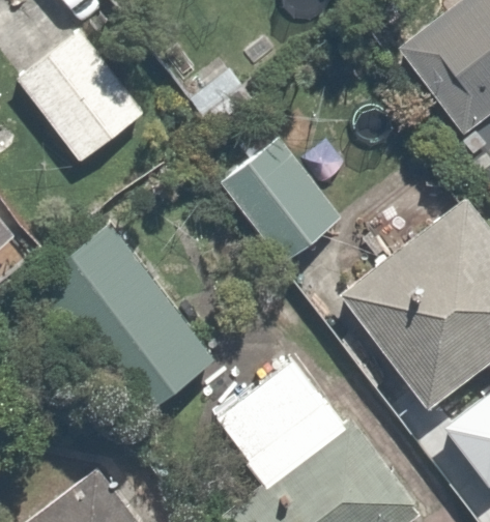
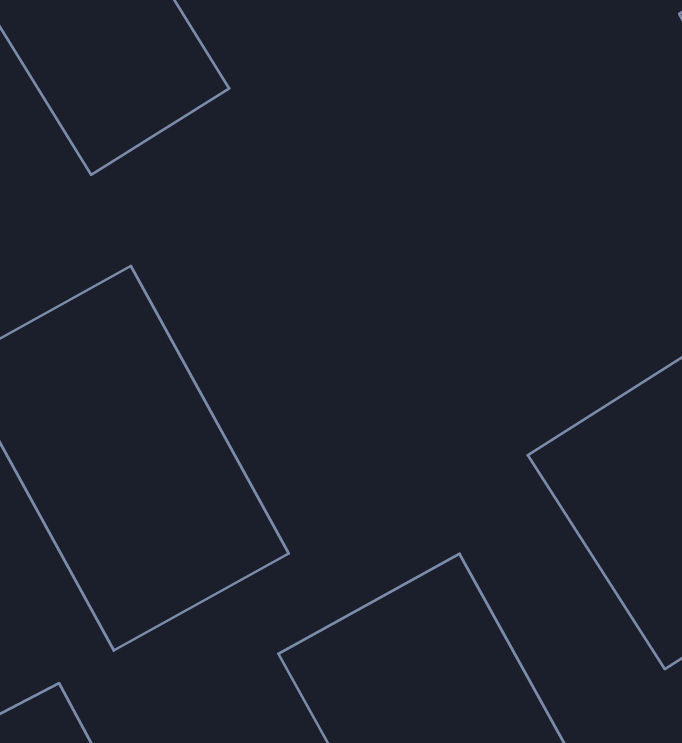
building: [215,135,346,271] -> none

